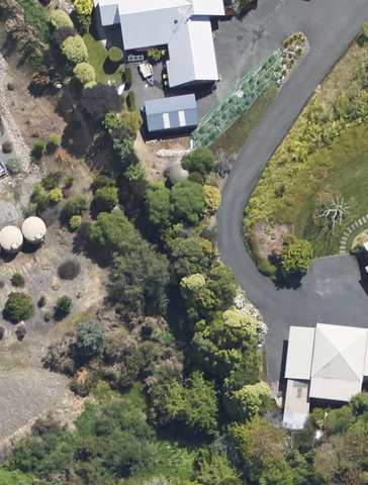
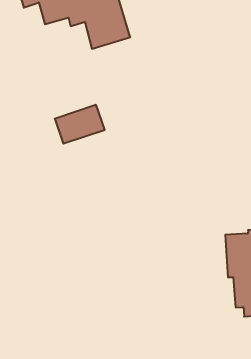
building: [146,89,201,127] -> [55,105,105,144]

